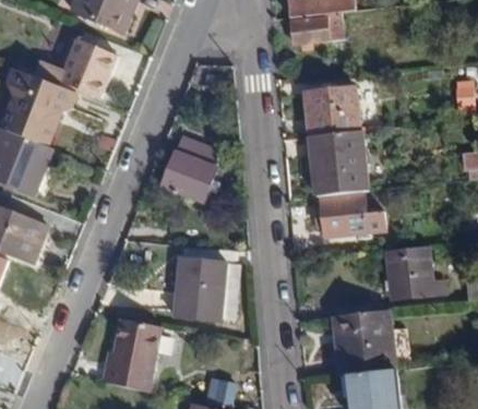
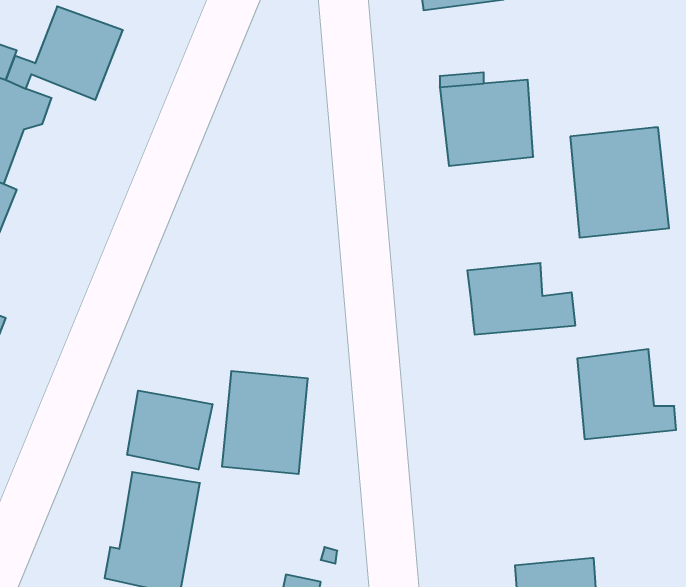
building: [310,131,369,196] -> [570,127,669,237]
building: [163,136,217,201] -> none
building: none -> [127,391,212,470]
building: [333,310,395,375] -> none

